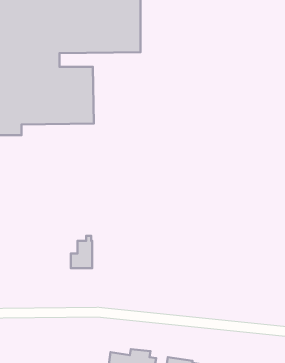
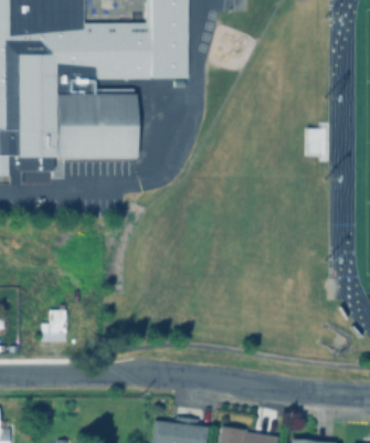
building: [71,236,92,268] -> [42,302,66,338]

